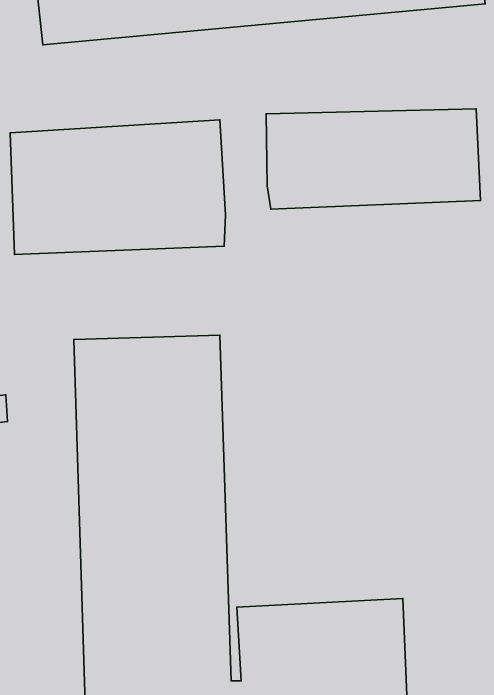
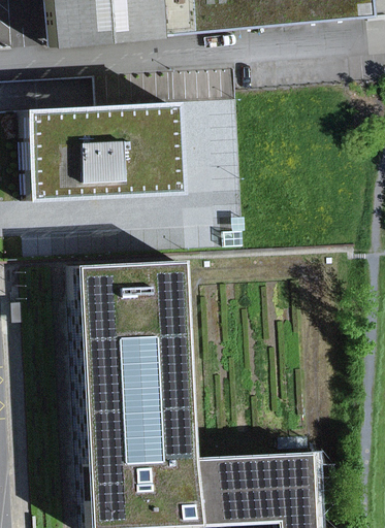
building: [266,109,480,209] -> none

